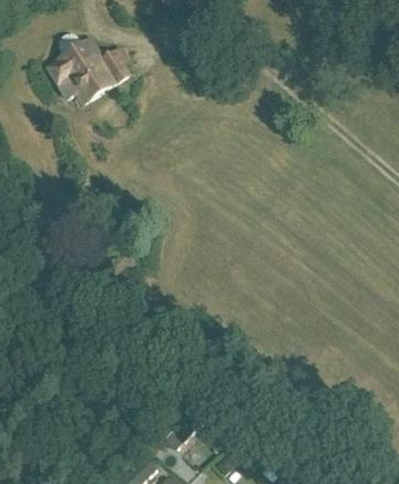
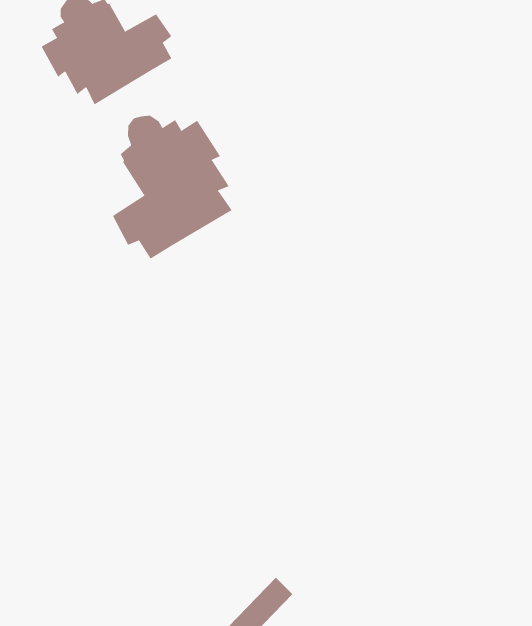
building: none -> [112,115,232,259]

